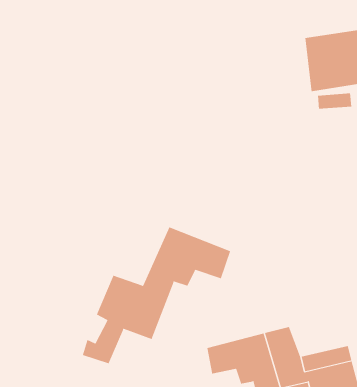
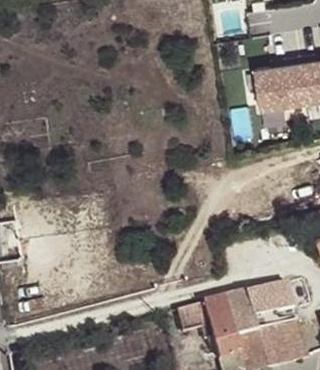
building: [82,227,231,364] -> none
building: none -> [246,284,293,317]

